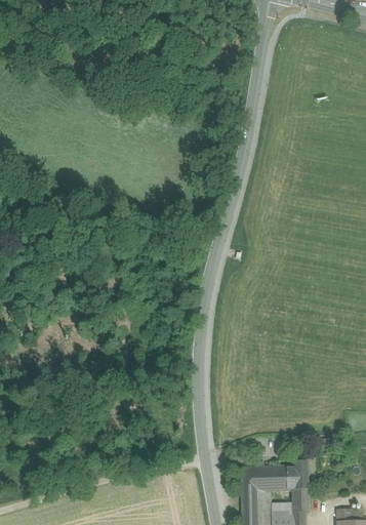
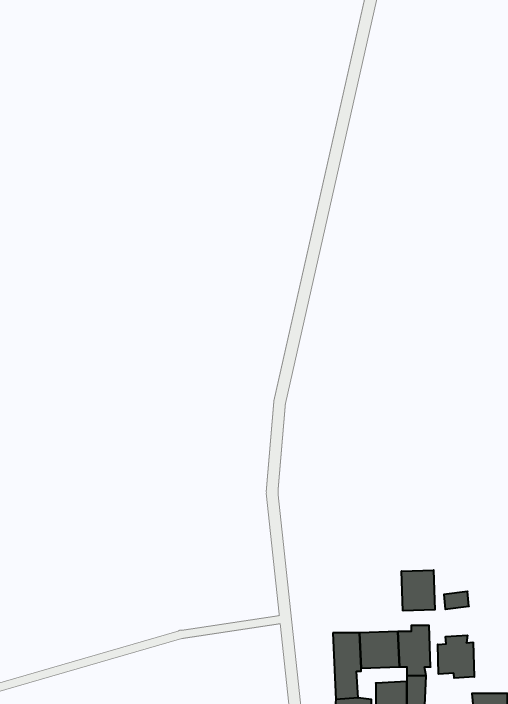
building: none -> [402,570,435,611]
building: none -> [438,635,474,678]

